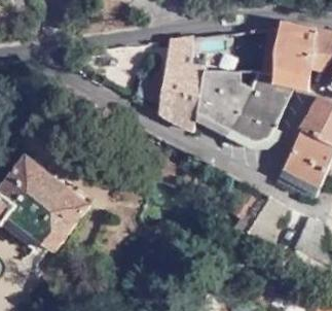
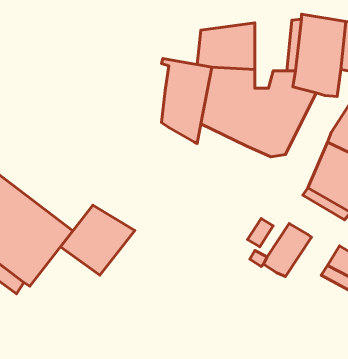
building: none -> [61,205,135,275]

